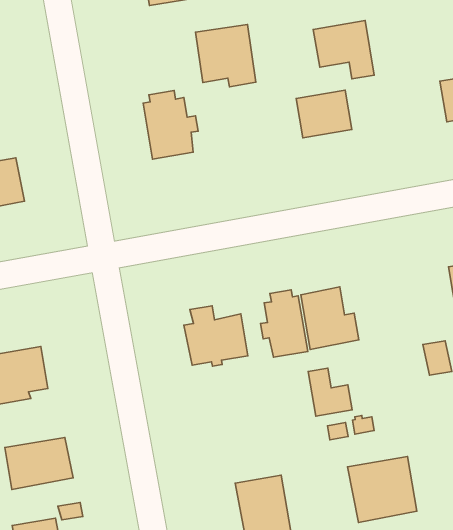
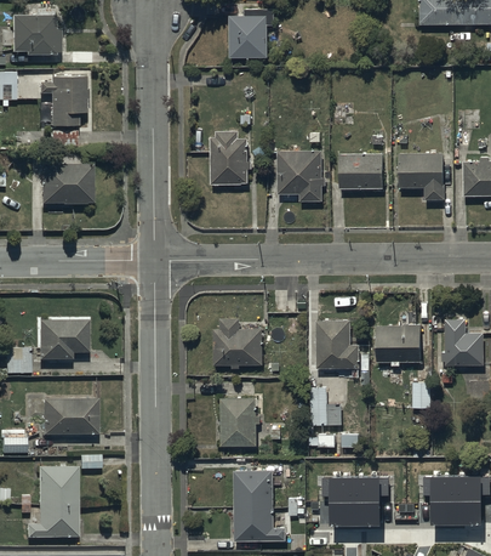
building: [313,21,374,79] -> [399,153,444,200]
building: [196,25,256,87] -> [276,149,322,200]
building: none -> [375,323,421,362]
building: [261,290,308,357] -> none
building: none -> [219,397,259,446]

